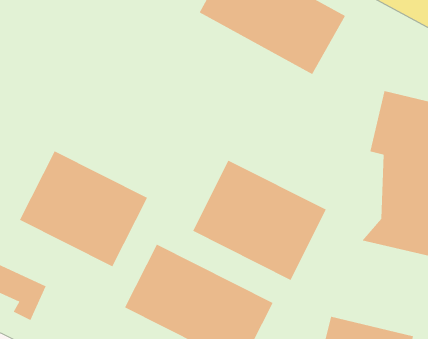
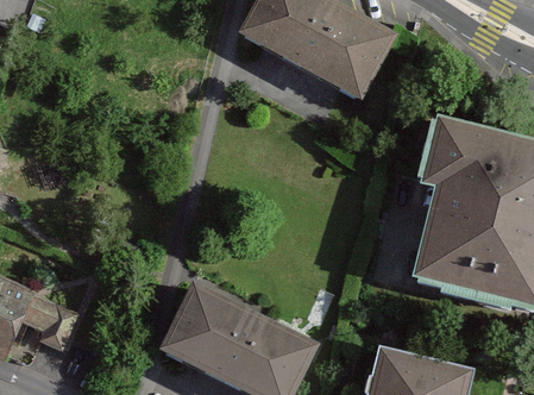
building: [19,150,148,267] -> none
building: [192,160,327,281] -> none

